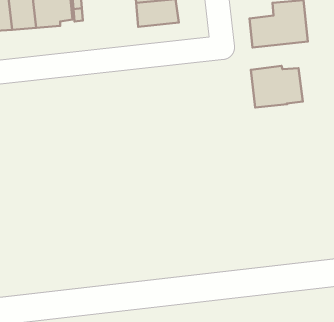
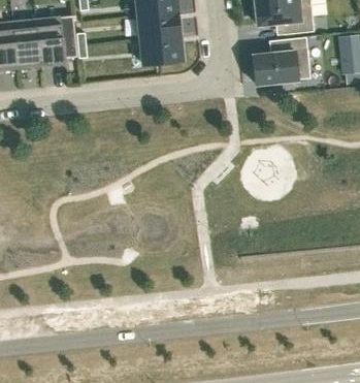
building: [251,66,303,107] -> none

